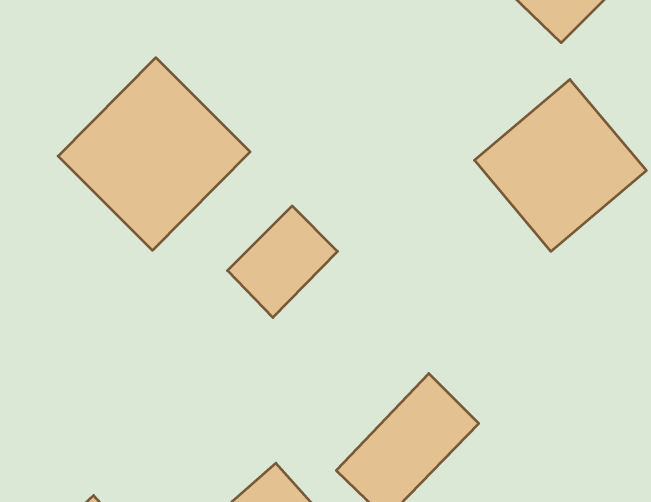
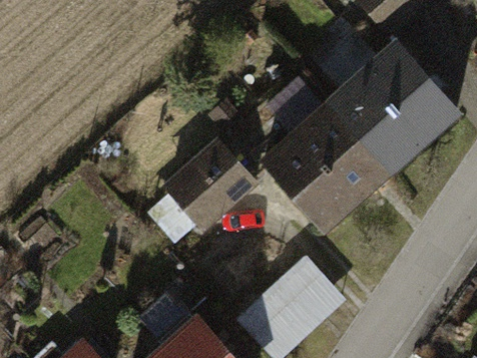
building: [58,58,250,250] -> none
building: none -> [272,113,390,231]

